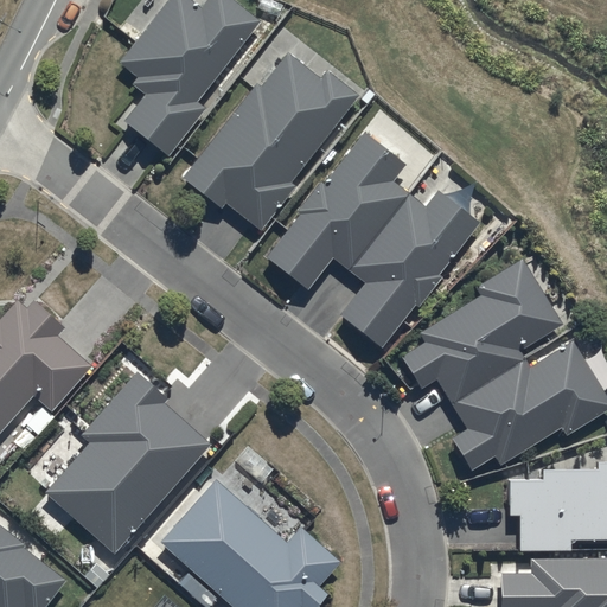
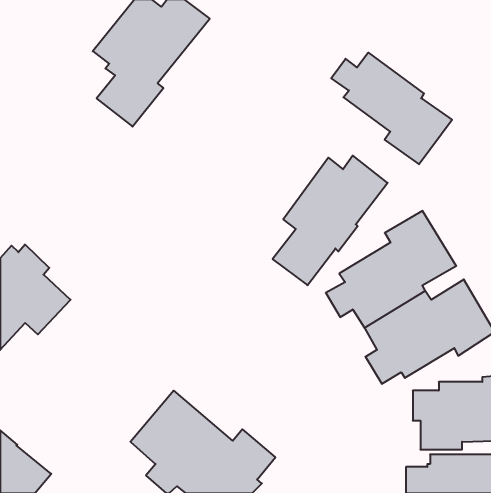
building: [183,53,359,230] -> none
building: none -> [331,53,452,164]
building: [267,133,407,290] -> none
building: [45,371,209,552] -> none

